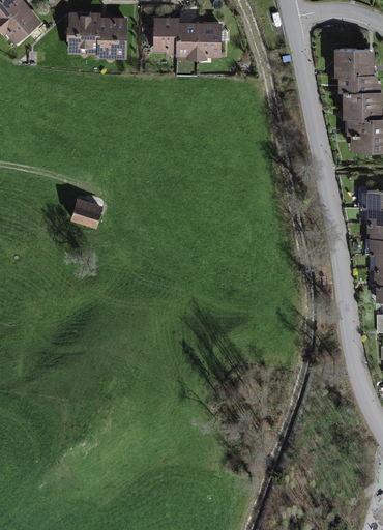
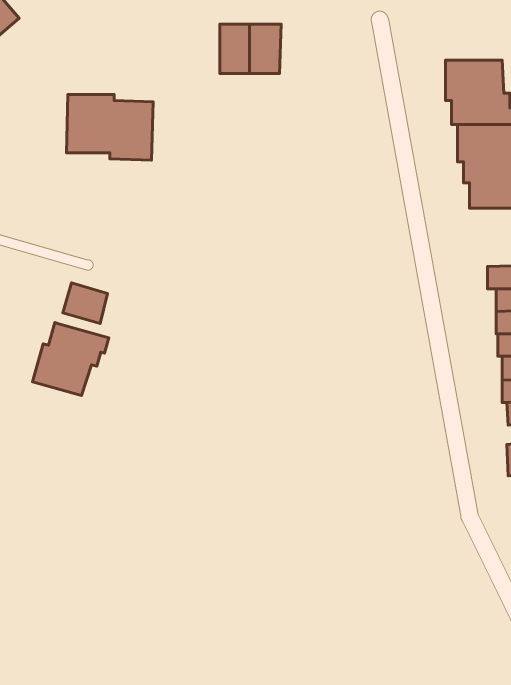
building: [68,12,128,58] -> [66,94,153,160]
building: [156,16,178,50] -> none
building: none -> [33,323,109,396]

